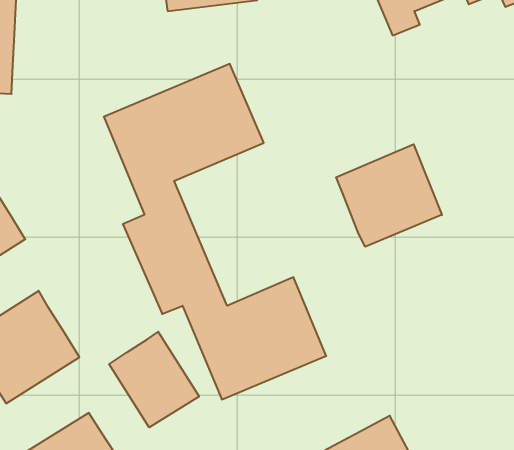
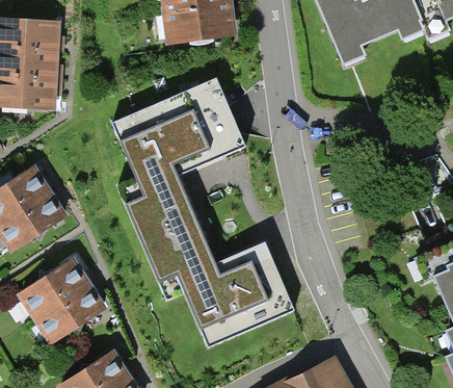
building: [336,144,442,247] -> none
building: [109,332,199,427] -> none

